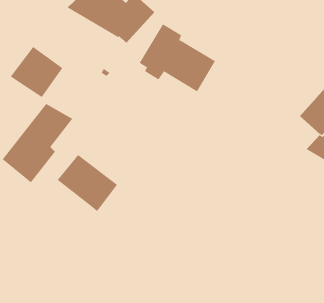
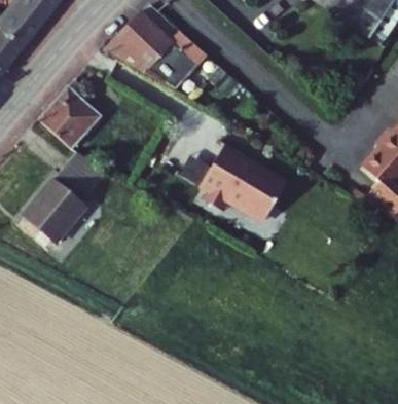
building: [139,23,216,92] -> [195,145,282,222]
building: [57,154,118,212] -> none

